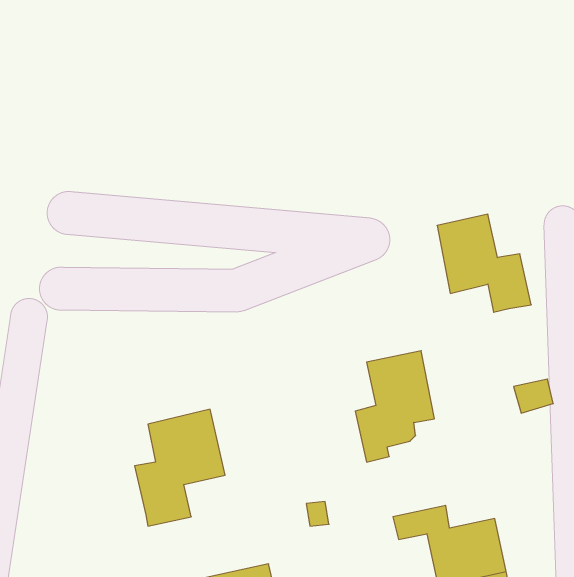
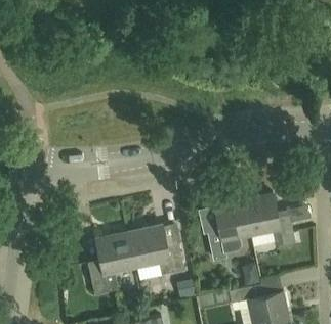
building: [437,214,531,312] -> [244,194,295,247]
building: none -> [129,225,184,273]

